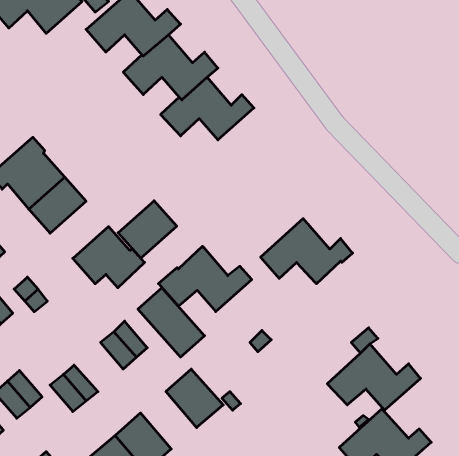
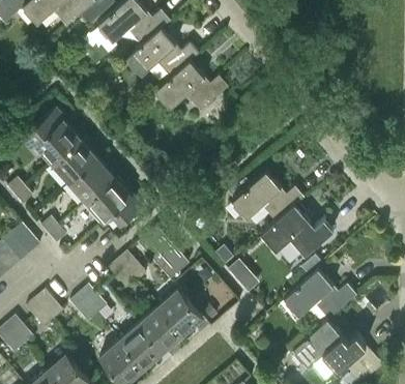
building: [118,201,177,258] -> [69,158,115,203]
building: [158,246,252,312] -> [261,205,334,256]
building: none -> [140,306,183,351]

